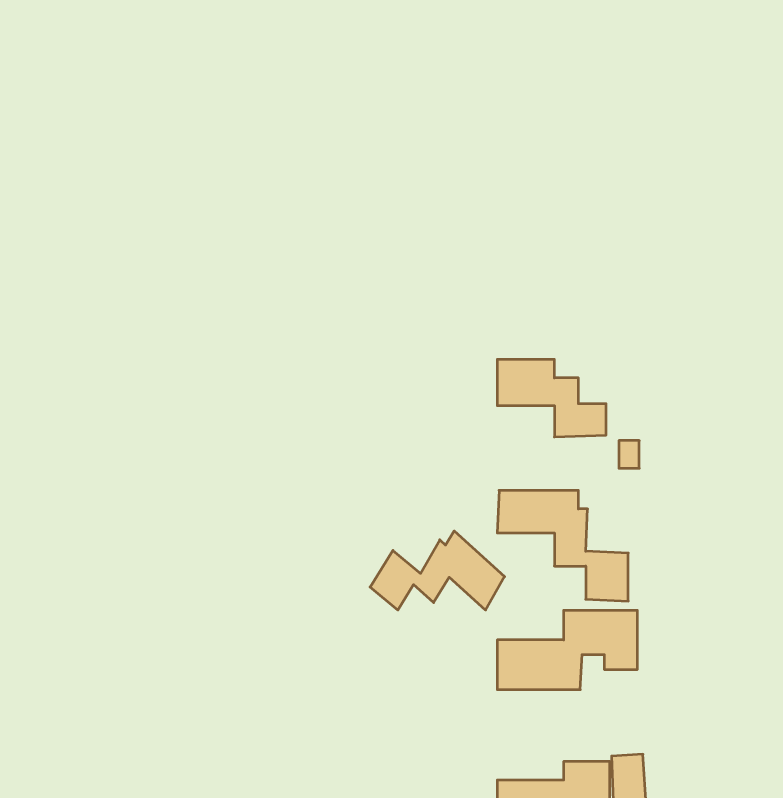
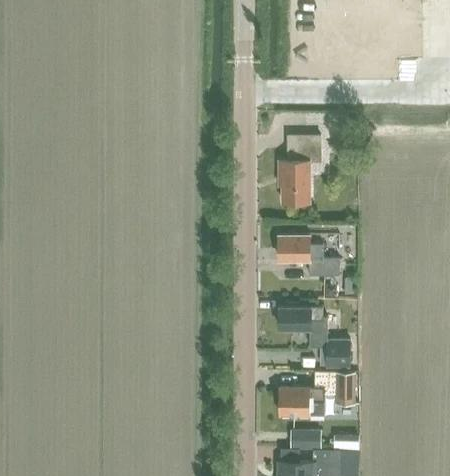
building: none -> [279,137,320,204]
building: [370,531,505,610] -> none
building: none -> [290,431,320,450]

